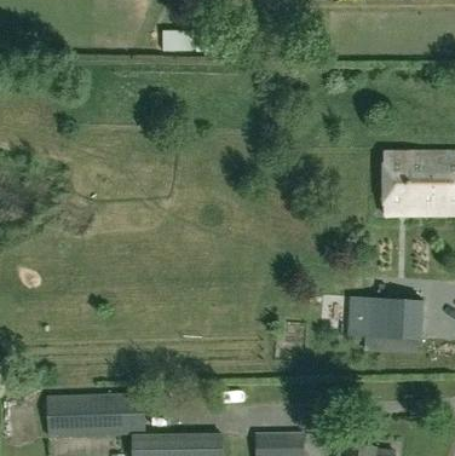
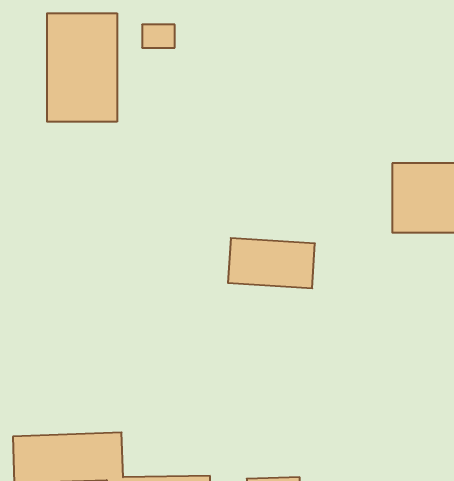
building: none -> [47,13,117,122]
building: [347,299,425,344] -> [228,238,315,288]

